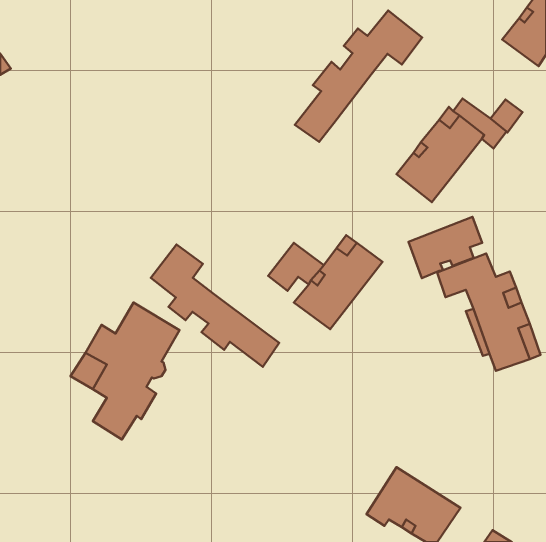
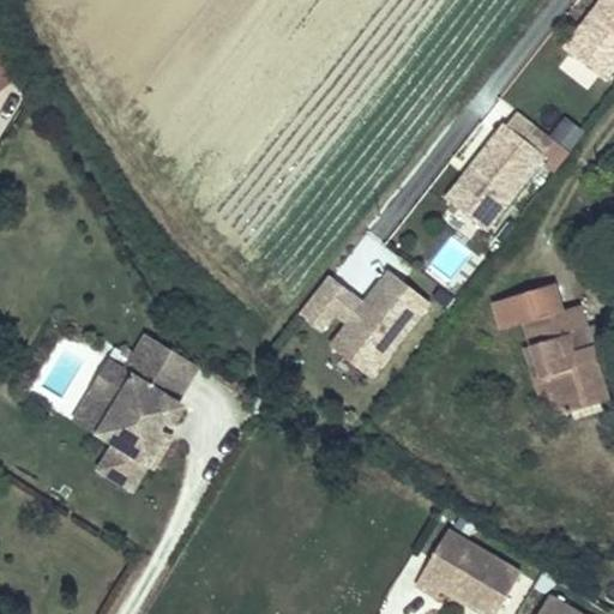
building: [295,10,422,142] -> none
building: [409,217,482,278] -> none
building: [151,244,279,367] -> none

